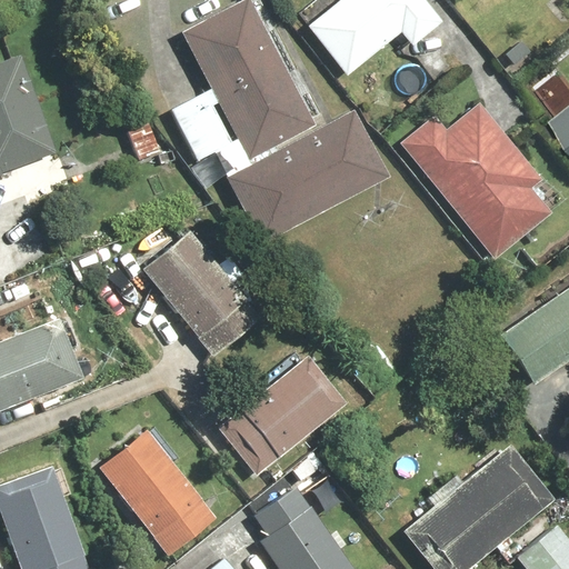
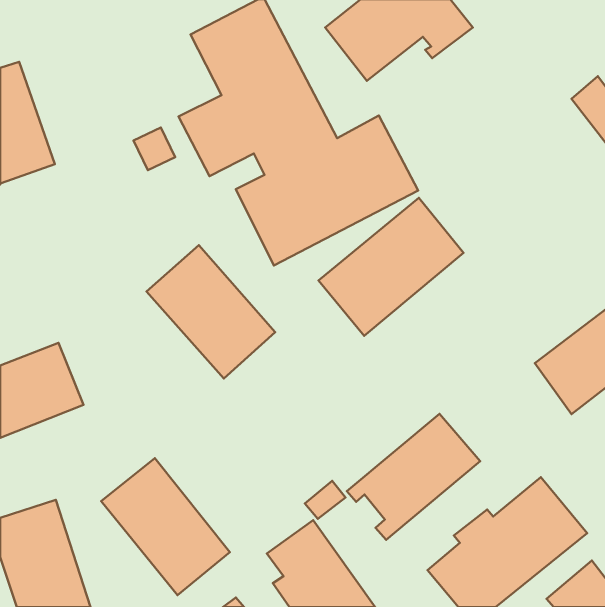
building: [399,106,558,259] -> none
building: none -> [318,198,463,336]
building: [220,357,345,475] -> [347,414,480,540]

